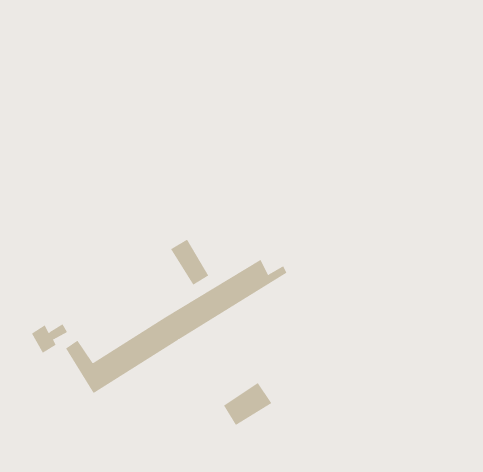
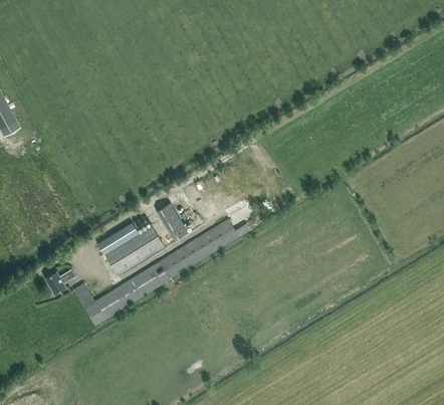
building: none -> [98,222,165,274]
building: [223,382,272,426] -> none

